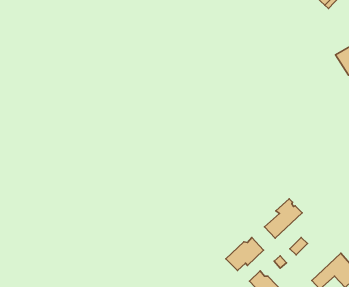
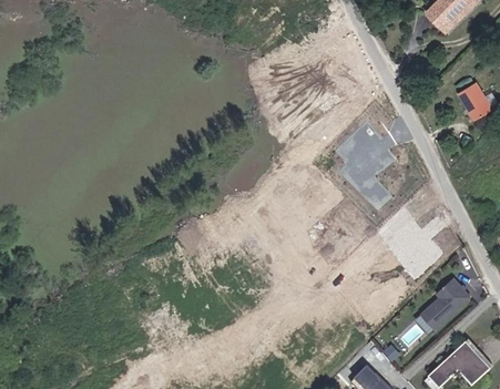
building: [265,199,302,238] -> [421,277,469,327]
building: [226,237,263,271] -> none

